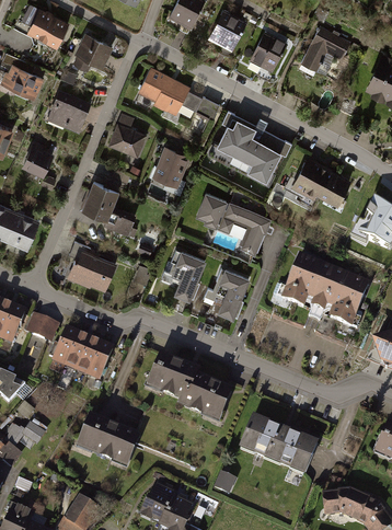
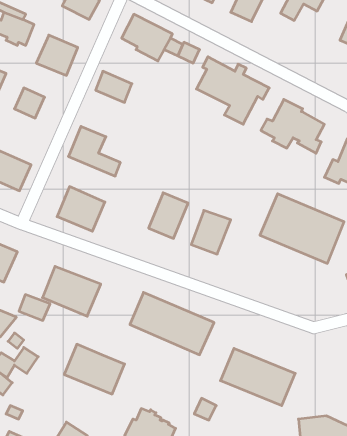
building: [151,148,189,188] -> none
building: [197,188,272,247] -> none
building: [27,315,60,343] -> [19,295,50,320]

